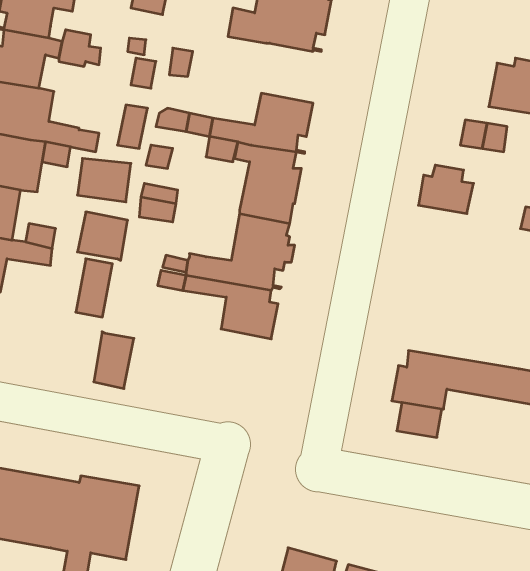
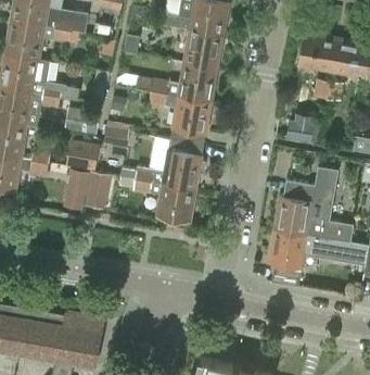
building: none -> [183,30,221,70]
building: none -> [298,33,337,72]
building: none -> [273,167,353,242]
building: [94,332,134,389] -> [85,171,111,208]

